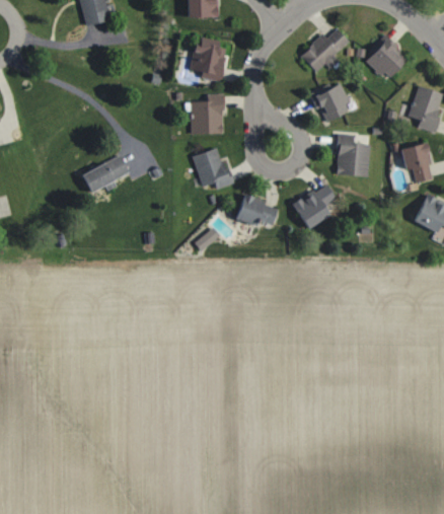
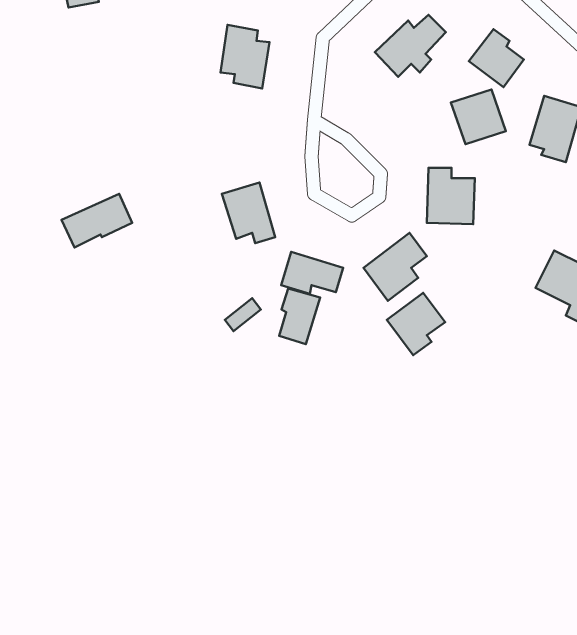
building: [313,84,352,123] -> [451,89,506,144]
building: [192,95,224,133] -> none
building: [401,143,433,181] -> none
building: none -> [279,288,320,344]
building: none -> [387,293,445,355]

